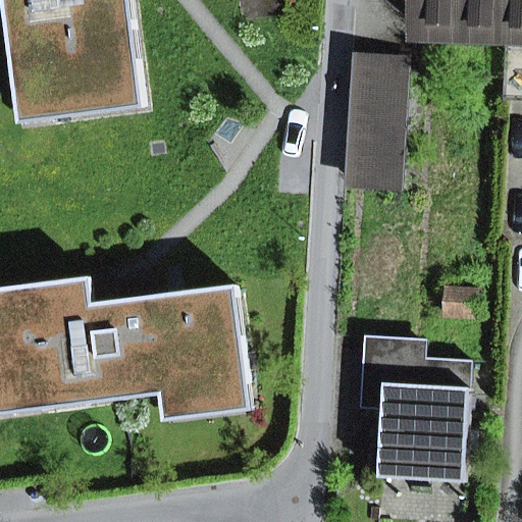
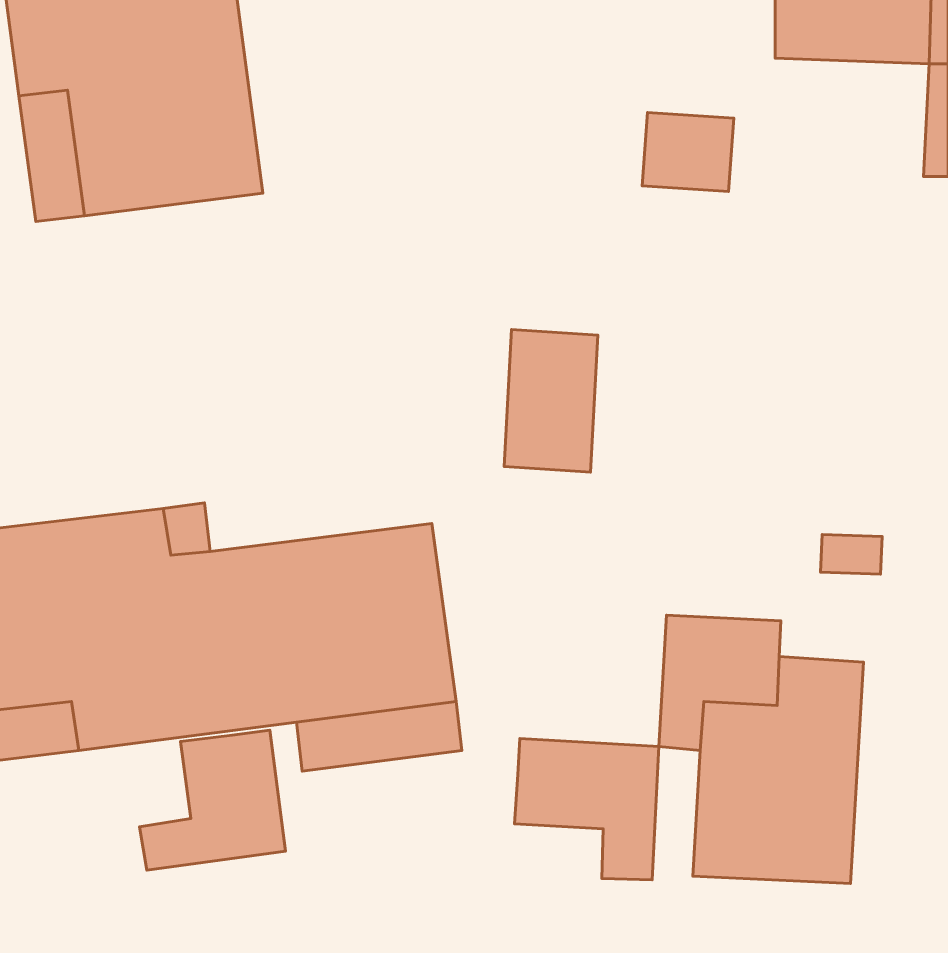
building: [345,101,396,178] -> [504,330,598,472]
building: none -> [139,730,285,870]
building: none -> [514,738,659,880]

